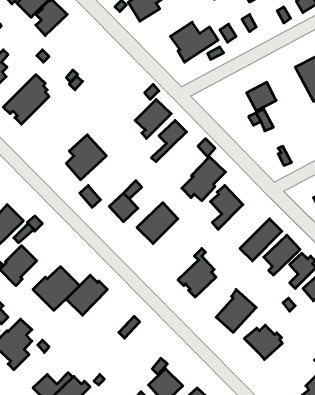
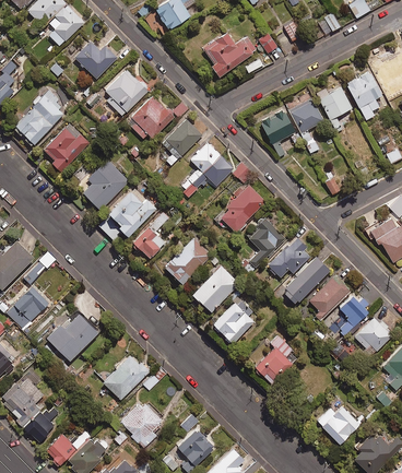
building: none -> [73,40,119,80]
building: none -> [105,69,149,117]
building: none -> [316,82,352,133]
building: none -> [126,95,175,139]
building: none -> [261,109,296,158]
building: none -> [42,123,90,173]
building: none -> [182,156,234,199]
building: none -> [107,190,157,237]
building: none -> [265,237,309,277]
building: none -> [192,265,239,312]
building: [66,275,107,315] -> [103,355,150,401]
building: [244,325,282,360] -> [317,405,360,445]
building: none -> [120,403,163,450]
building: none -> [23,406,58,444]

